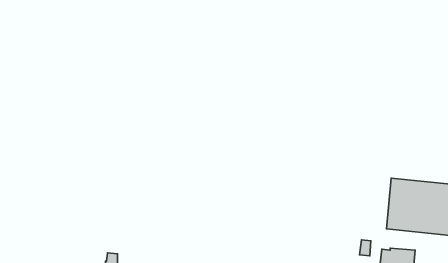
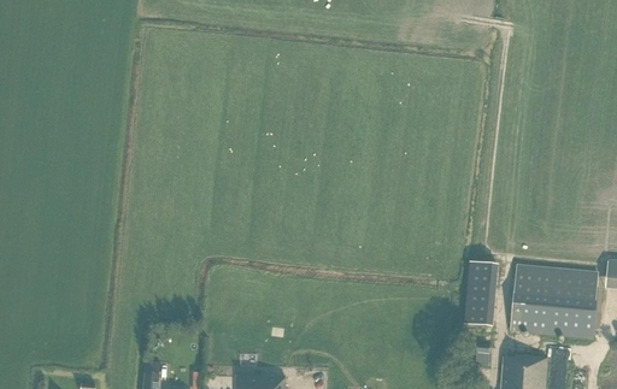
building: none -> [464,263,498,328]

